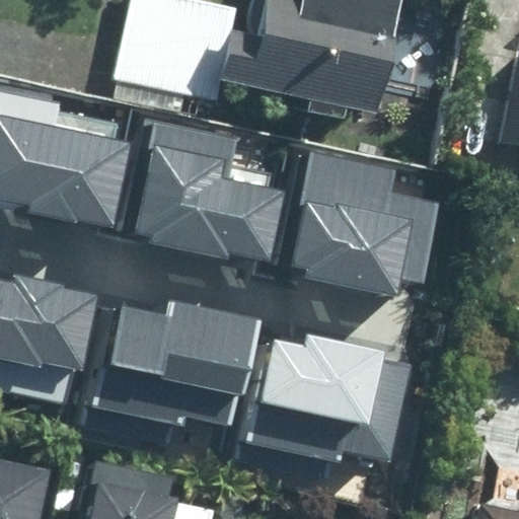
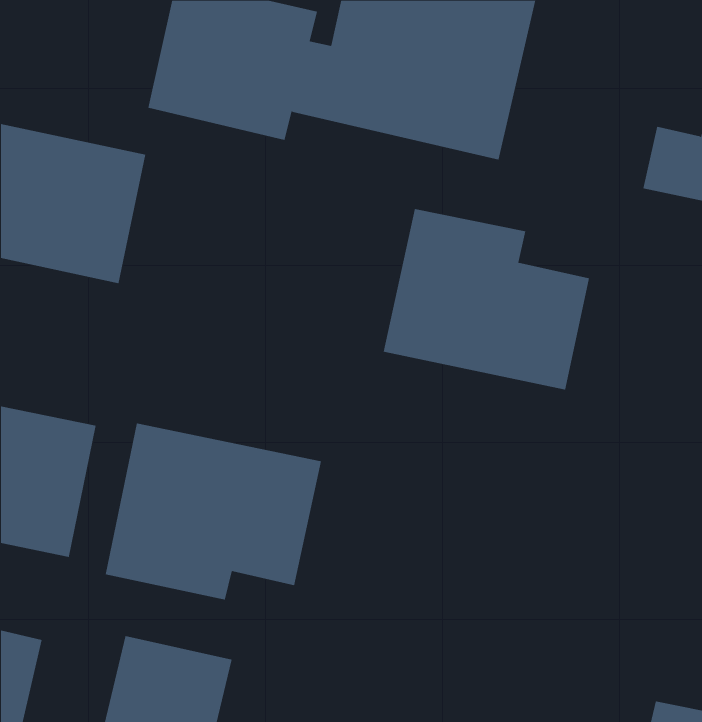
building: [133,119,282,245] -> none
building: [248,343,407,469] -> none

